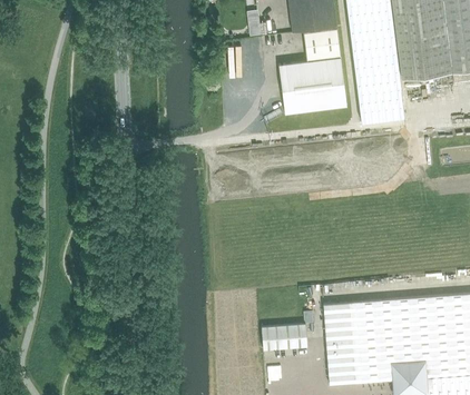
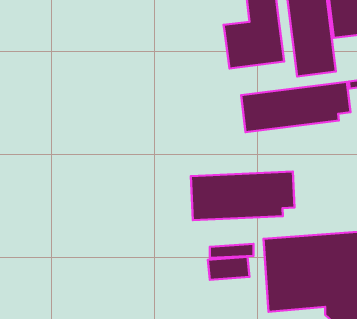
building: none -> [241,82,351,132]
building: none -> [191,171,295,220]

